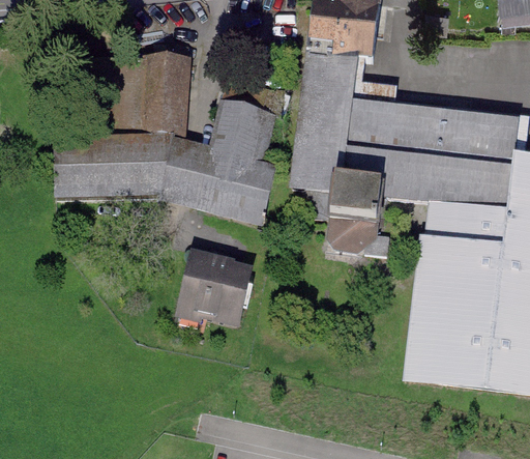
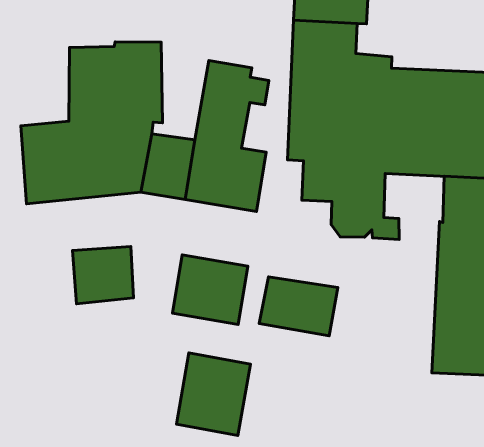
building: none -> [73,246,134,304]
building: none -> [259,277,338,336]
building: none -> [176,353,250,435]

